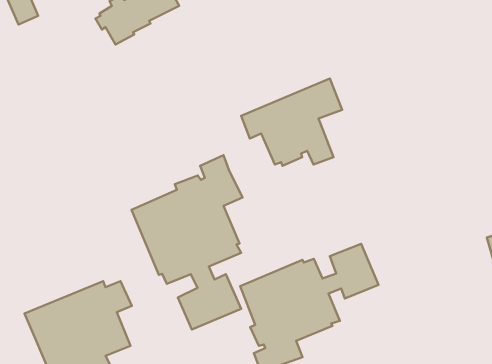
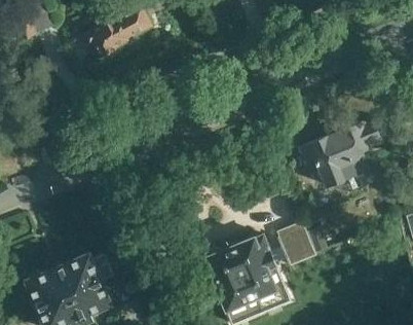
building: [241,79,342,166] -> [301,115,384,187]
building: [132,155,242,329] -> none

